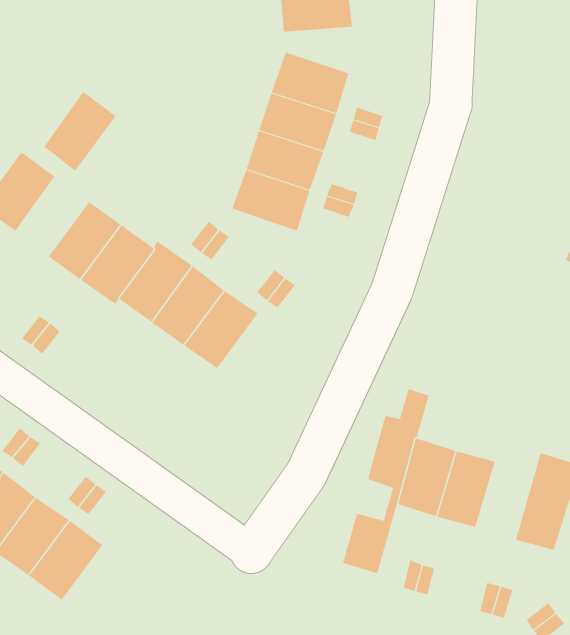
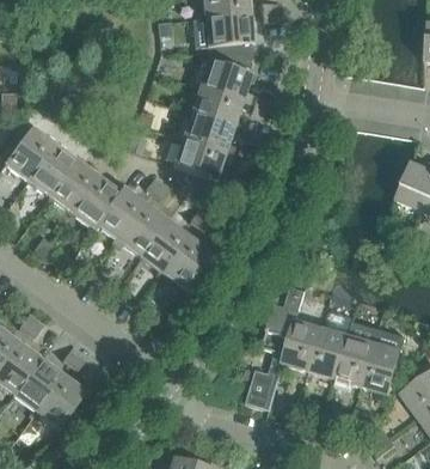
building: [44,91,117,171] -> [27,141,76,195]
building: none -> [162,233,213,287]
building: none -> [336,319,379,385]

